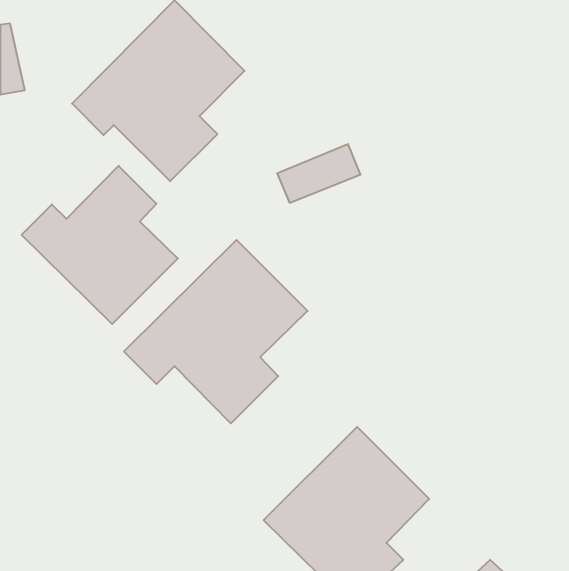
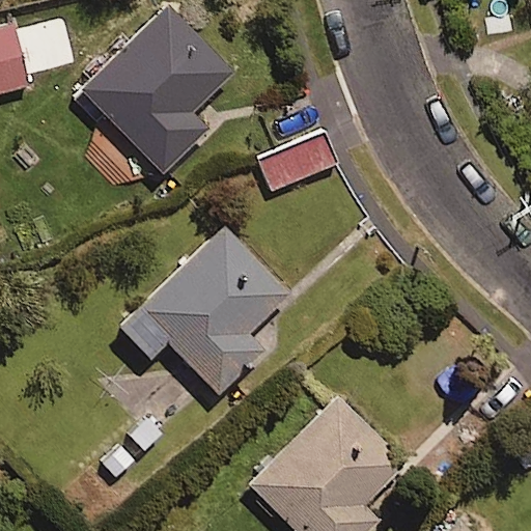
building: [22,166,178,324] -> none

